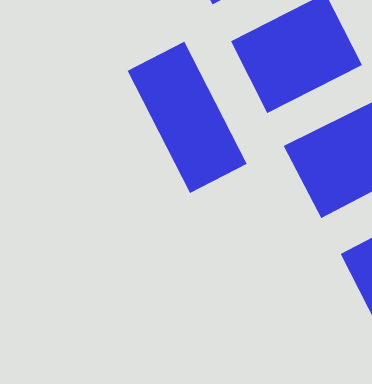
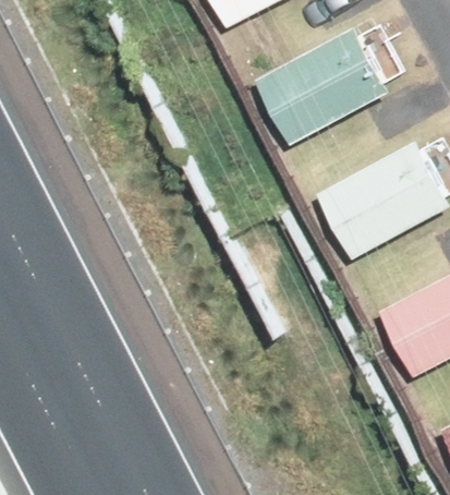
building: [127,41,247,194] -> none

